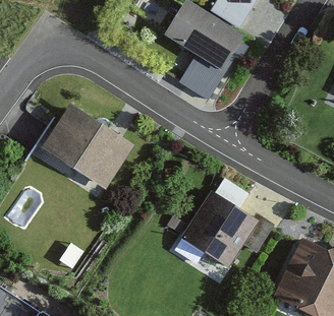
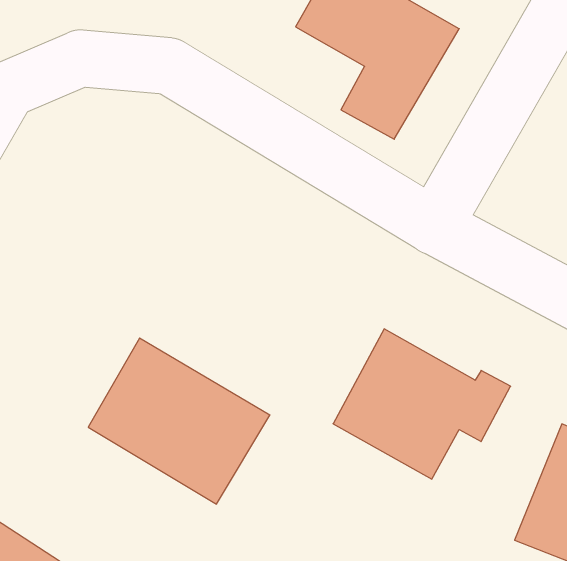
building: [42,104,135,189] -> [88,338,270,504]

